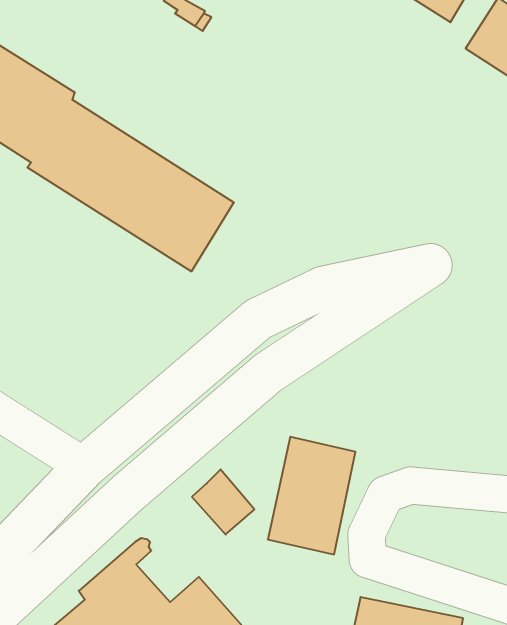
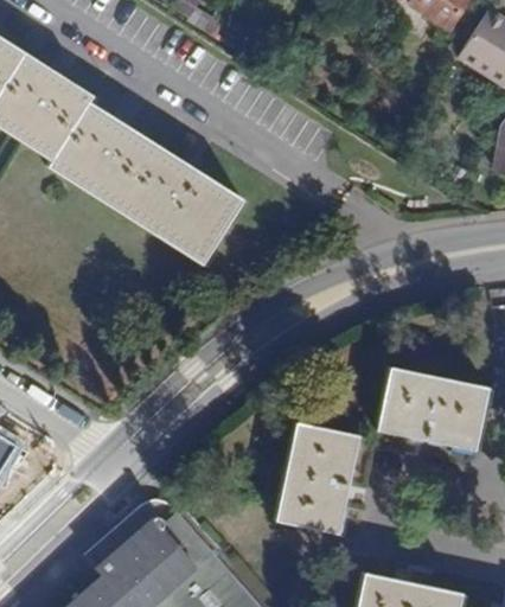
building: none -> [376,366,486,448]
building: [192,469,254,535] -> [151,516,210,577]

